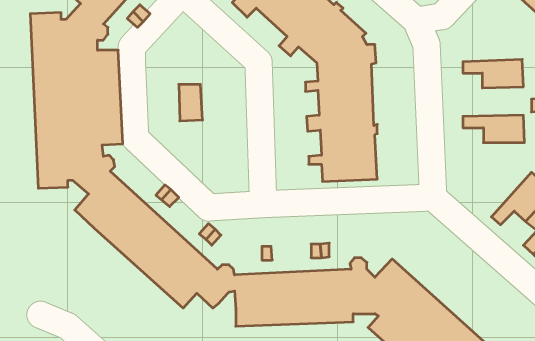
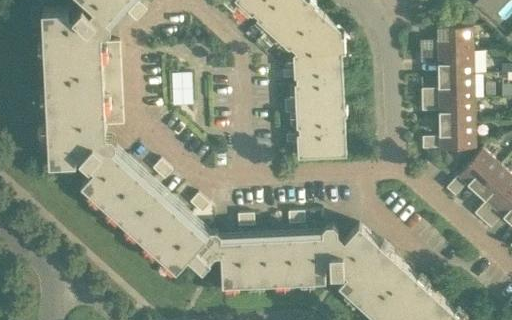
building: none -> [420,30,473,56]
building: none -> [421,78,474,104]
building: none -> [422,127,475,152]

